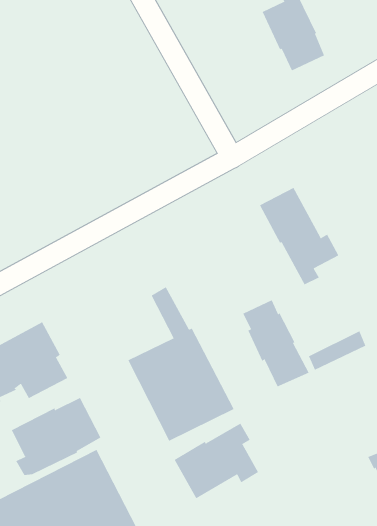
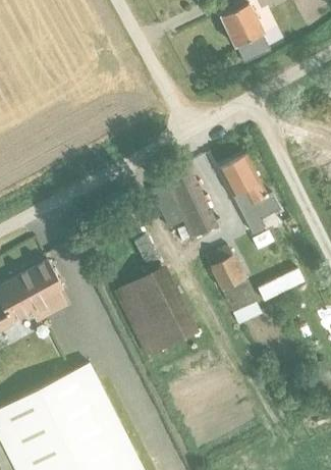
building: none -> [150,168,217,240]
building: [11,397,101,476] -> none
building: [174,423,259,499] -> none

